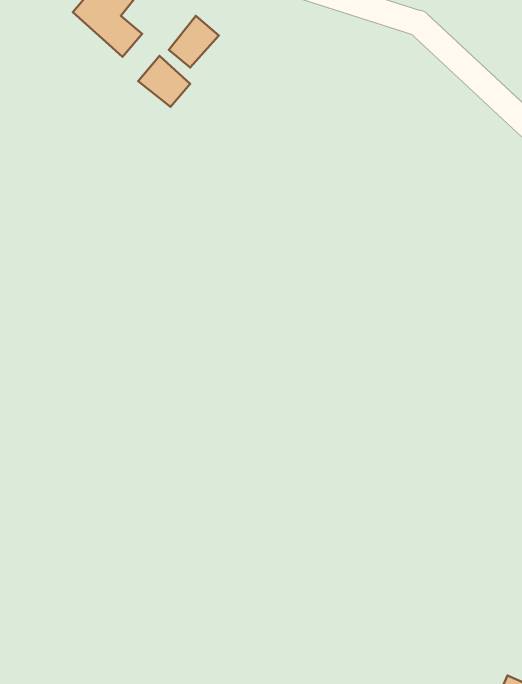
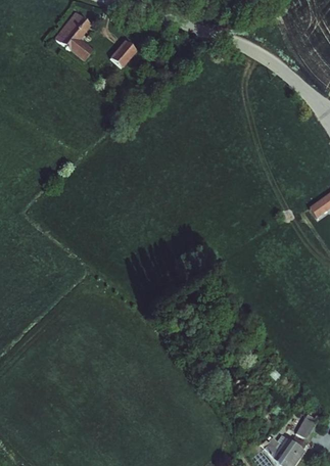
building: [138,56,190,107] -> none

